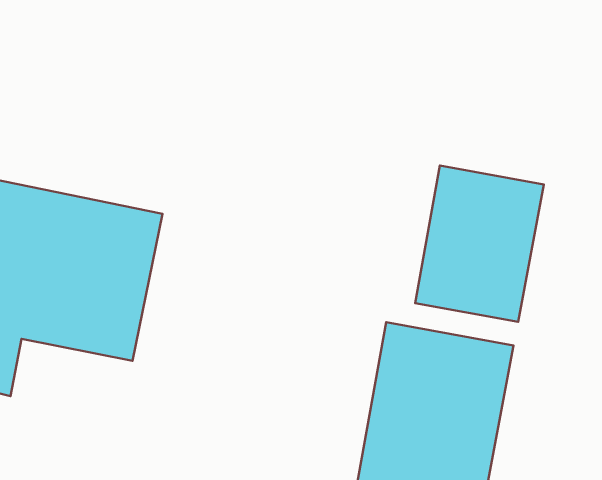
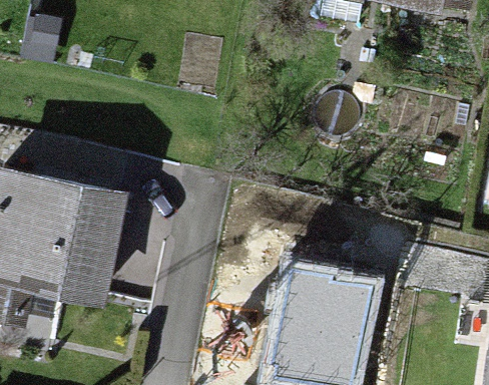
building: [415,166,544,322] -> none

